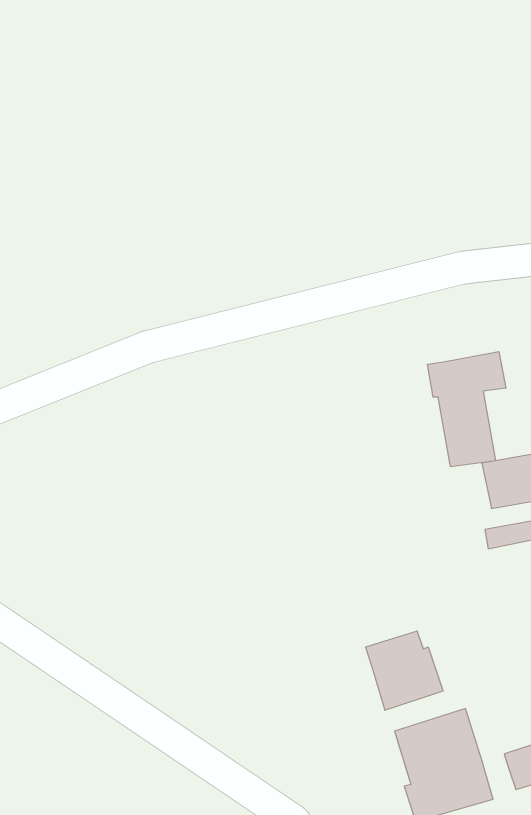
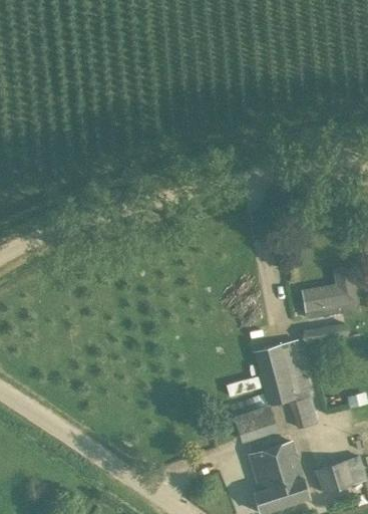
building: [428,352,506,467] -> none
building: none -> [254,340,319,428]

